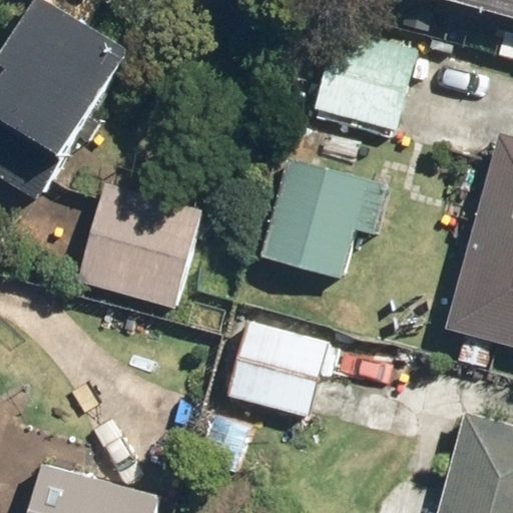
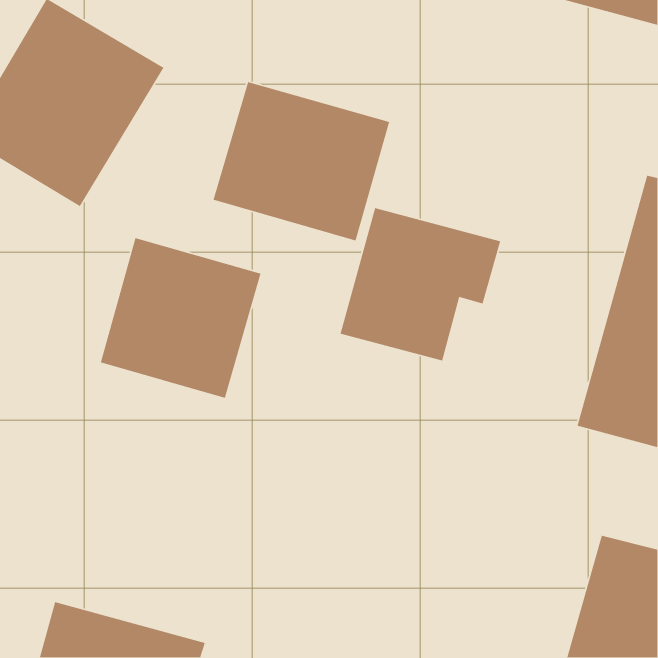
building: [315,28,418,130] -> none
building: none -> [212,81,390,241]
building: [227,322,327,417] -> none

